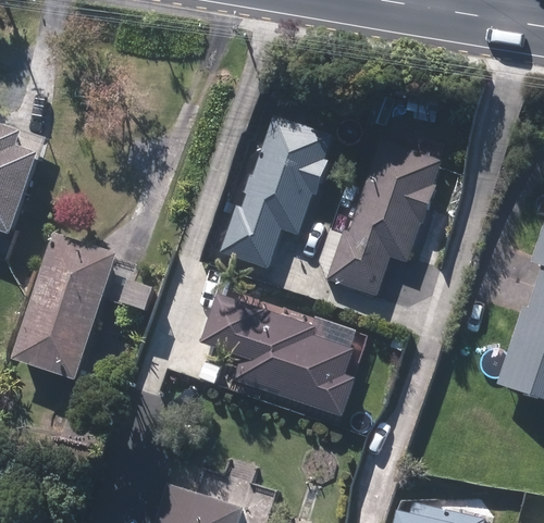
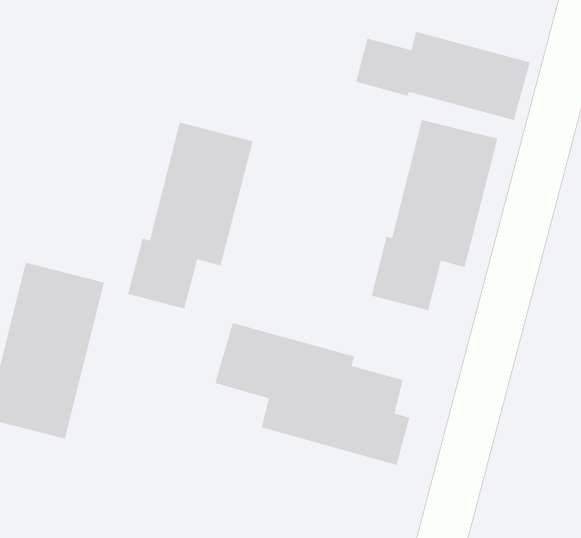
building: none -> [355,31,530,121]
building: [222,116,332,267] -> [127,122,253,309]

